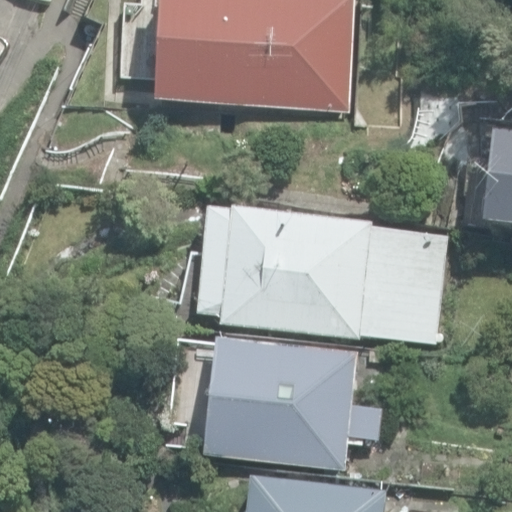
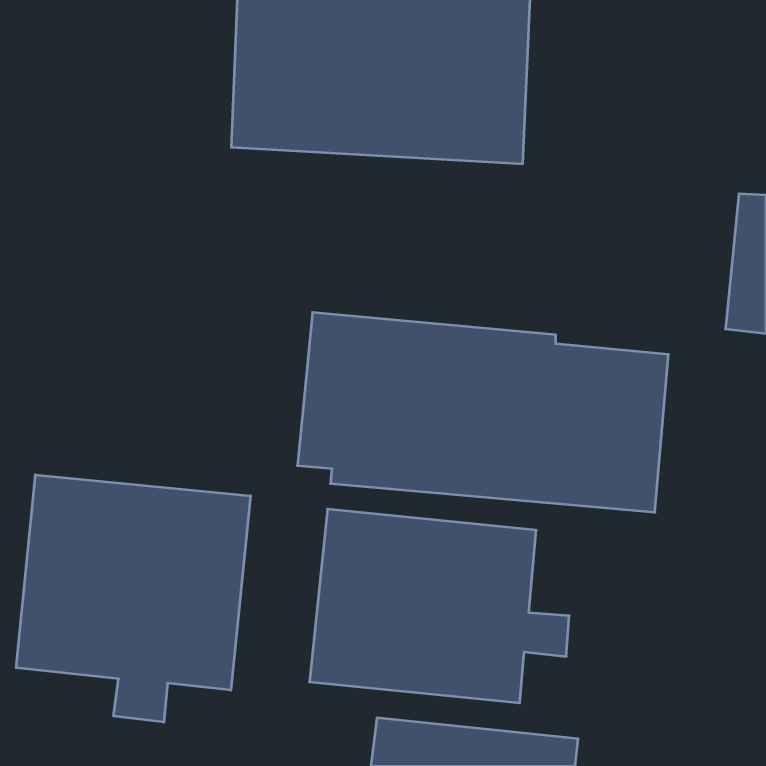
building: none -> [16,475,251,722]

